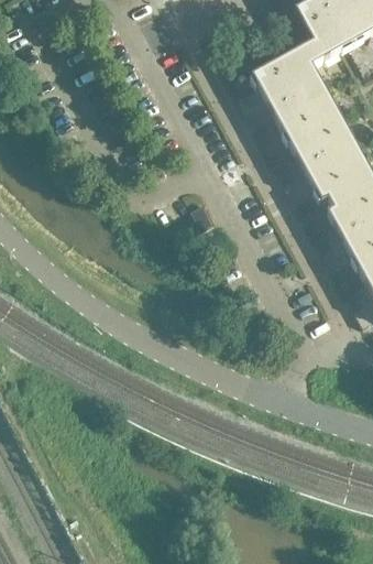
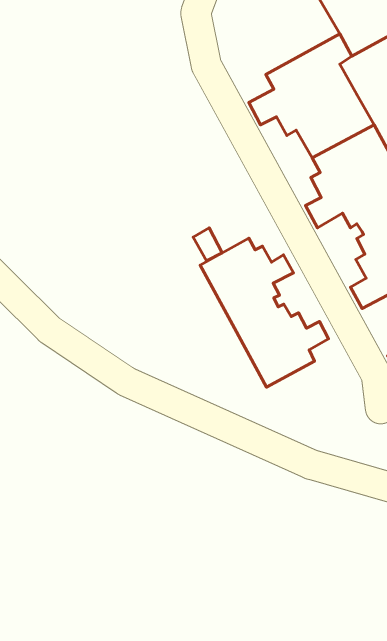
building: none -> [200,238,329,387]

